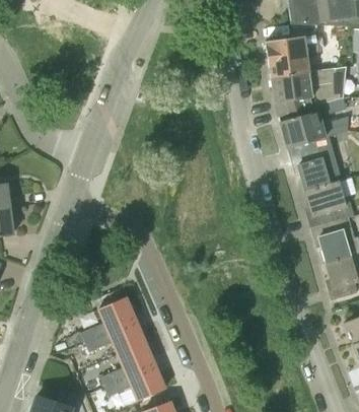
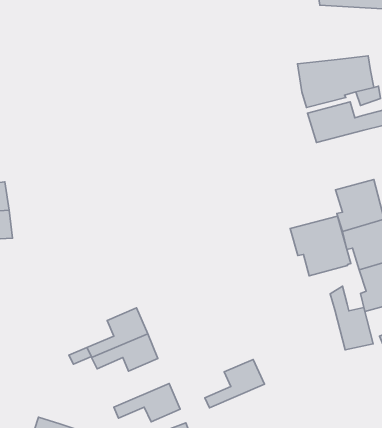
building: [266,35,321,76] -> none
building: [288,136,343,190] -> [290,216,351,276]
building: none -> [330,286,373,350]
building: [101,342,155,386] -> [205,359,265,408]

